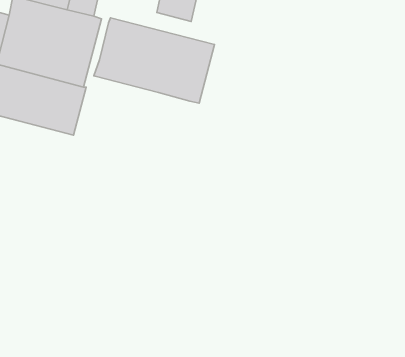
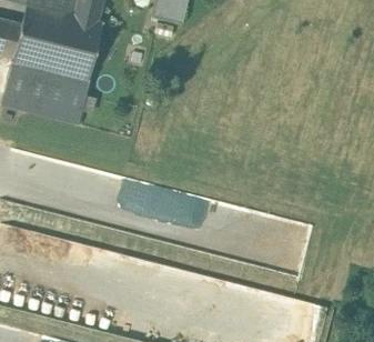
building: [94,18,214,103] -> none

